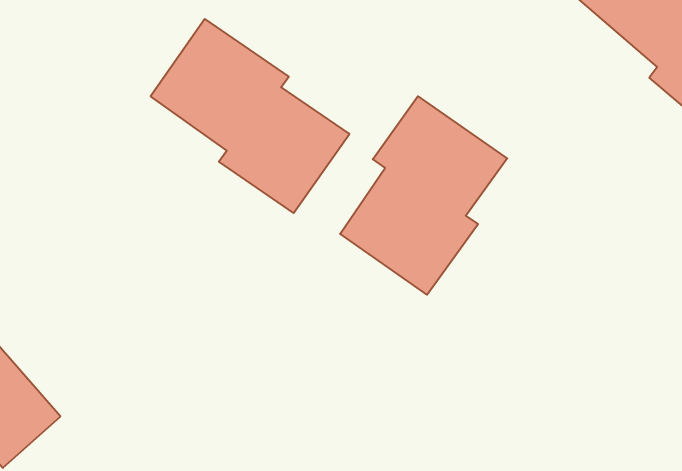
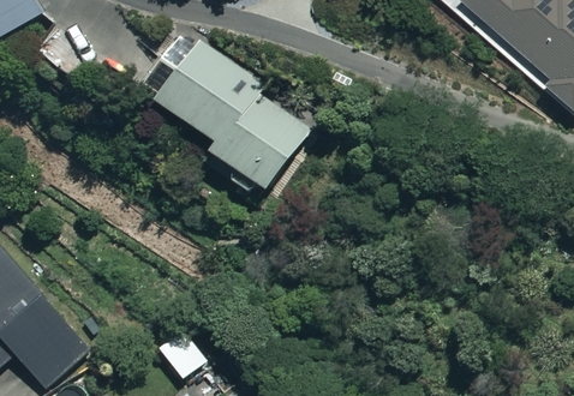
building: [340,96,507,295] -> none

